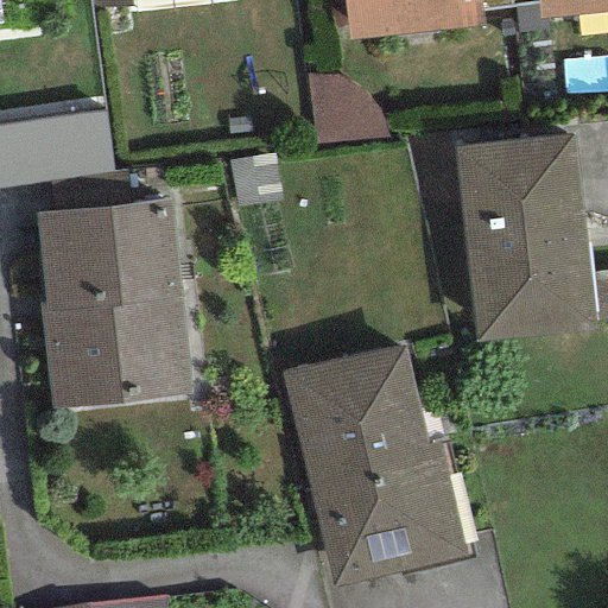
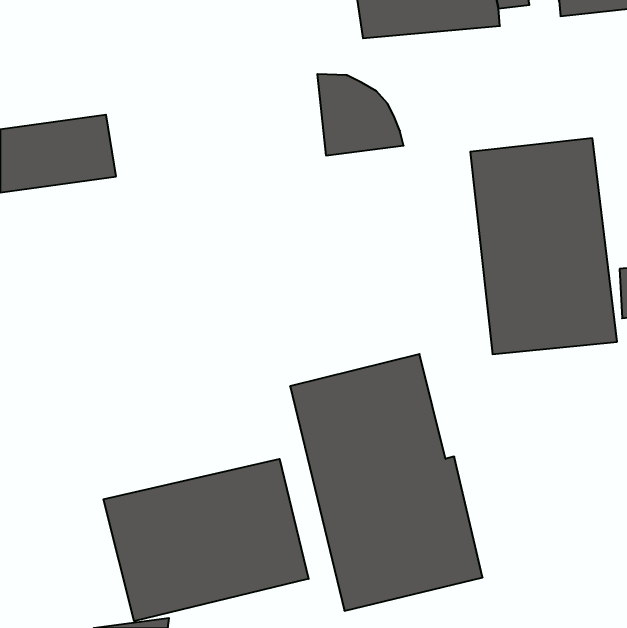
building: [37,197,194,407] -> none
building: none -> [103,459,309,621]

